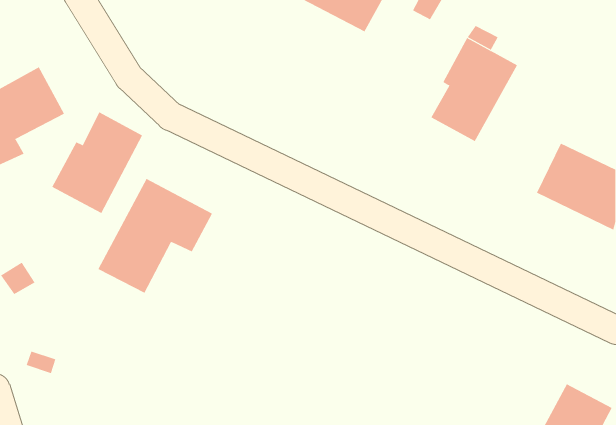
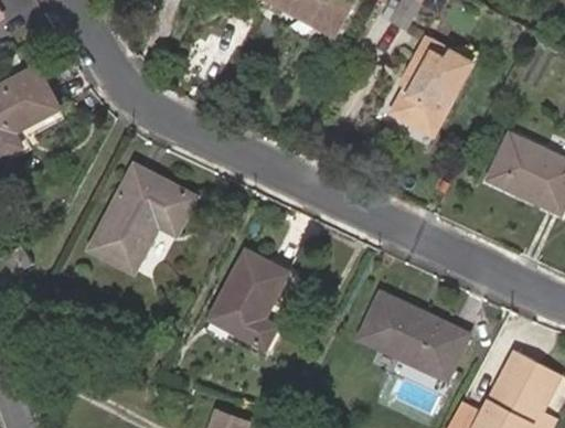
building: [51,111,143,214] -> none
building: none -> [210,252,286,347]
building: none -> [359,292,467,378]

